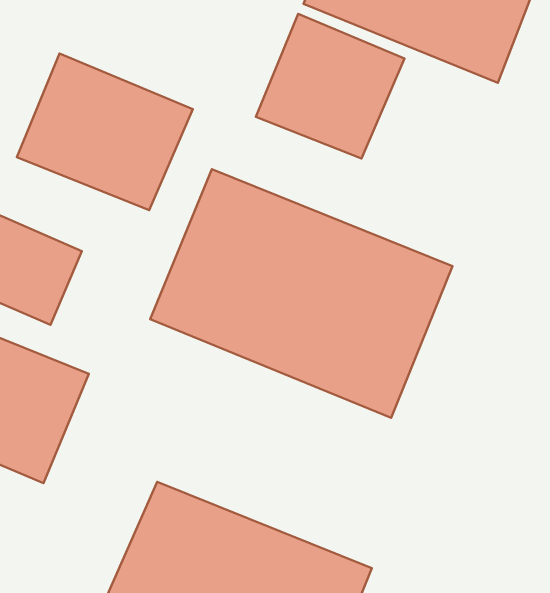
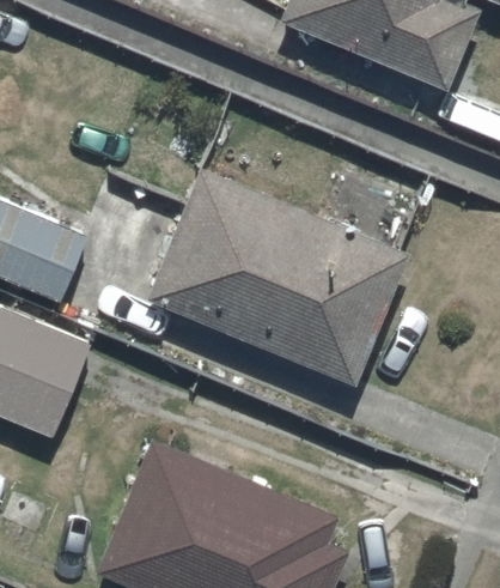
building: [256,14,405,159] -> none
building: [17,53,193,210] -> none

